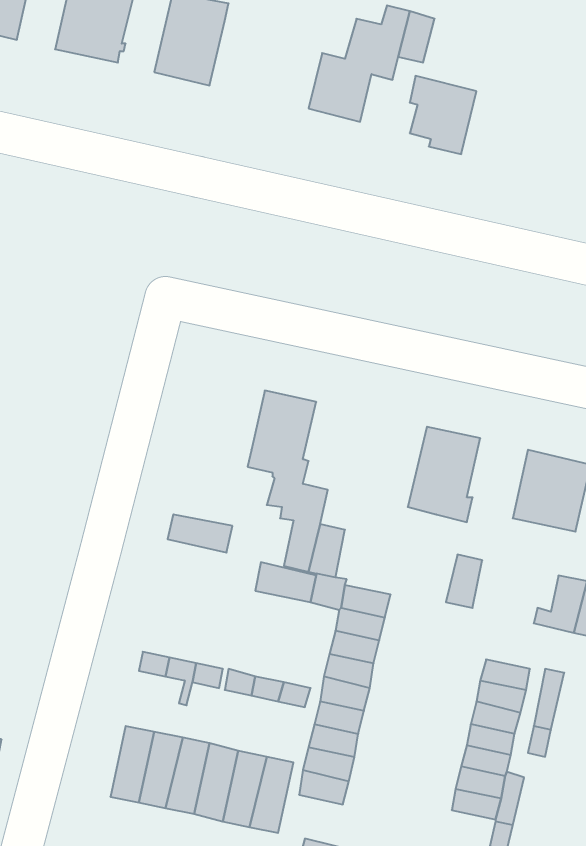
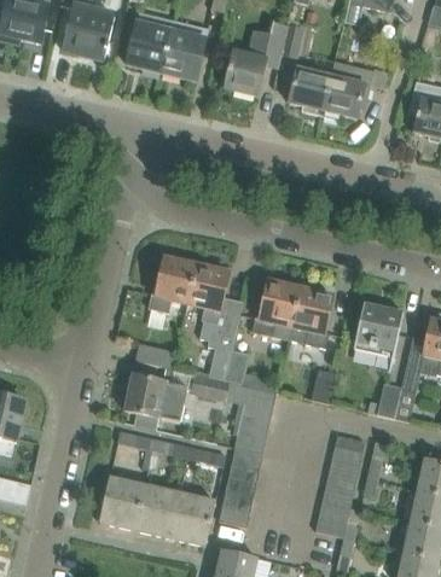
building: none -> [162,24,209,80]
building: none -> [321,60,373,120]
building: none -> [149,257,197,311]
building: none -> [251,280,300,338]
building: none -> [124,374,186,421]

